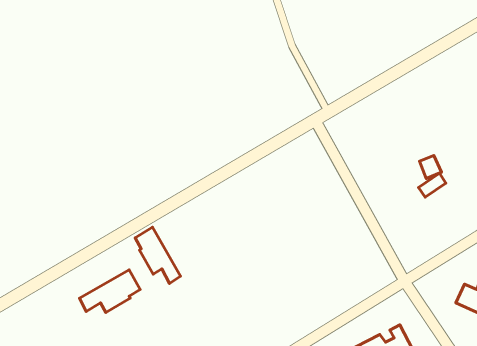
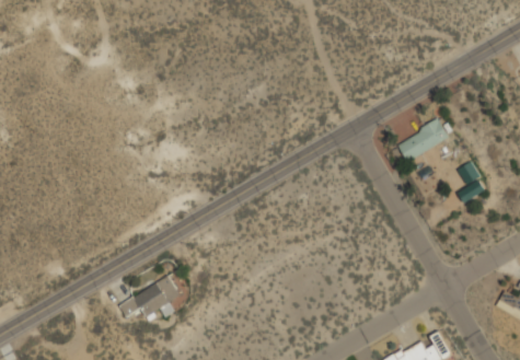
building: none -> [400,117,449,163]
building: [135,227,181,283] -> none

